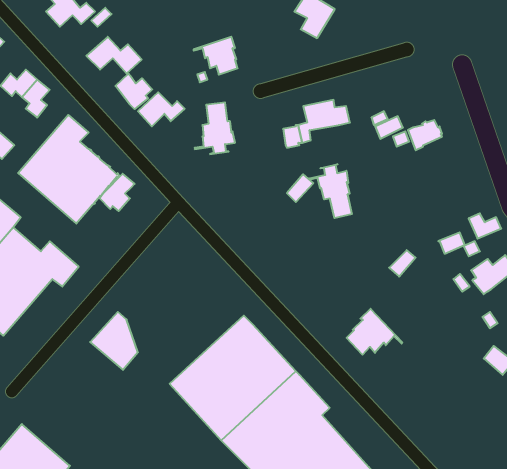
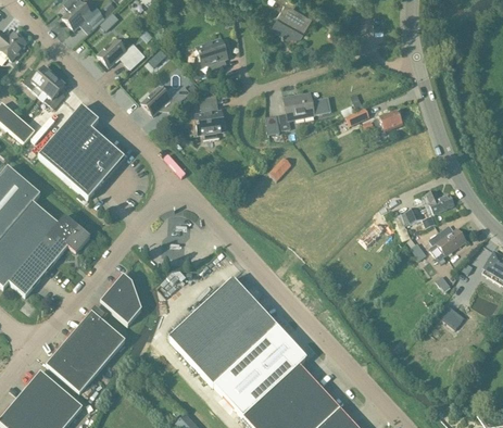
building: [115,74,152,109] -> none
building: [309,164,352,218] -> none
building: [100,174,135,211] -> none
building: [347,309,402,355] -> none
building: none -> [46,311,125,392]

